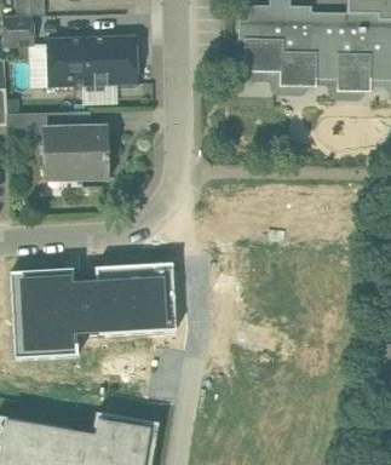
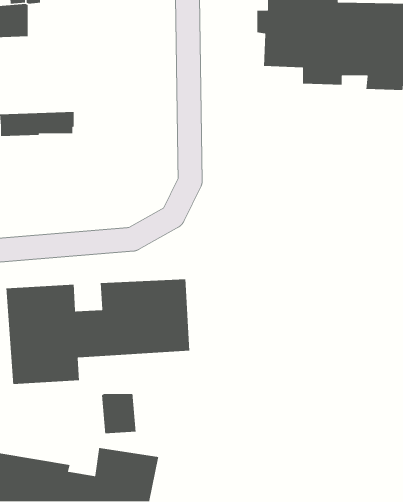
building: [45,36,136,86] -> none
building: [42,126,109,180] -> none
building: none -> [101,393,137,434]

